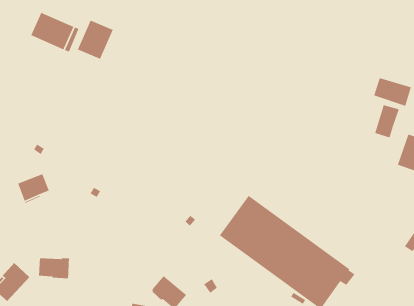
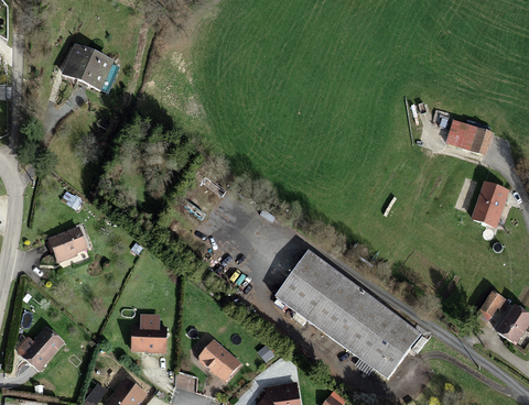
building: [77,20,114,60] -> none
building: [374,104,400,138] -> none
building: [38,257,70,279] -> [131,327,166,351]

